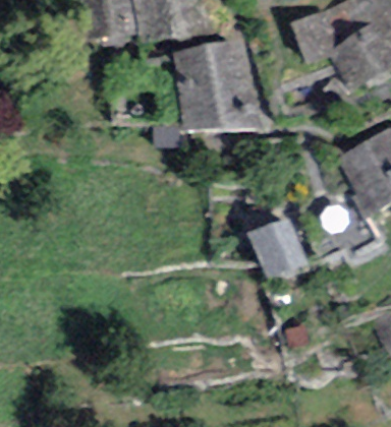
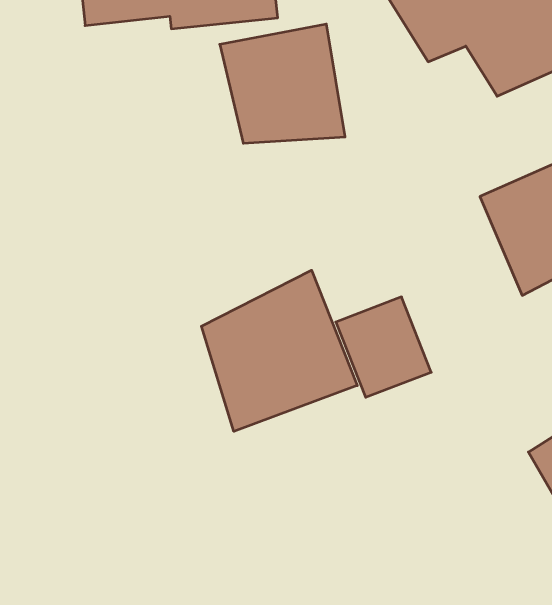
building: none -> [201,270,357,431]

